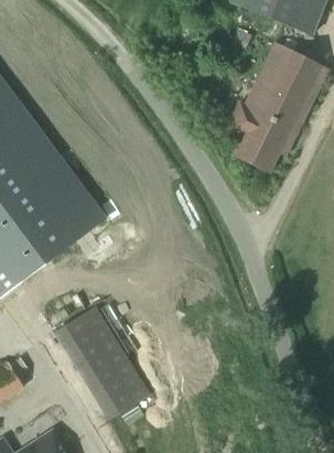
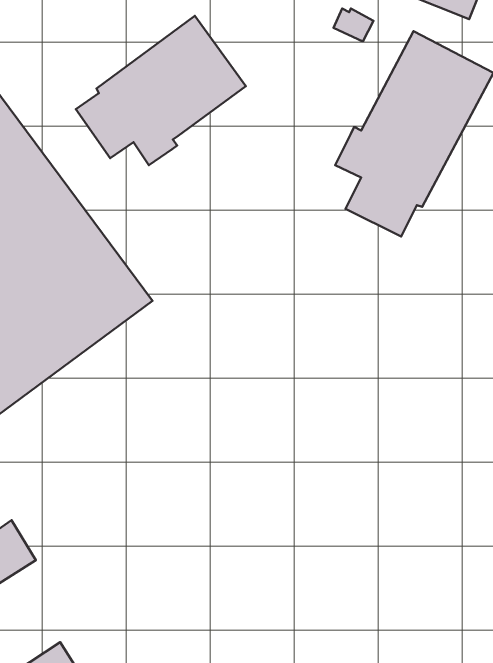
building: none -> [76,16,246,165]
building: [52,308,149,421] -> none

